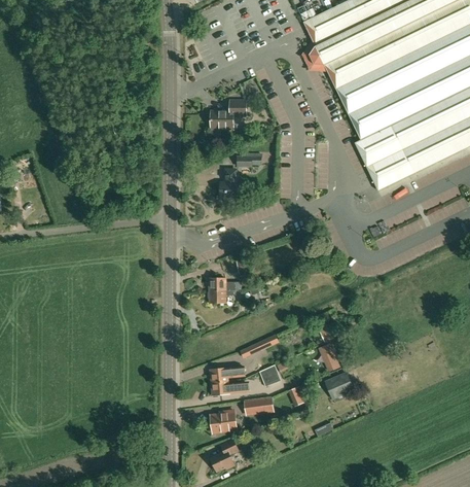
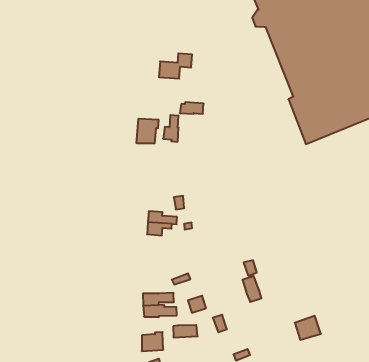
building: none -> [137,119,159,143]
building: [325,371,355,398] -> [295,316,321,340]

